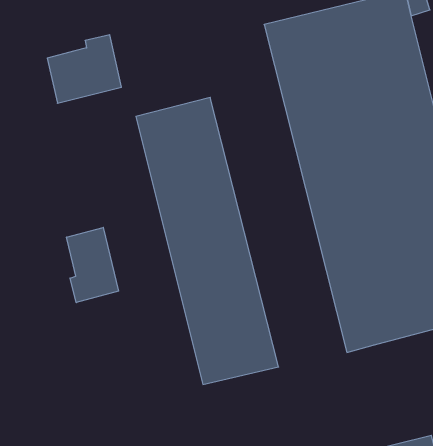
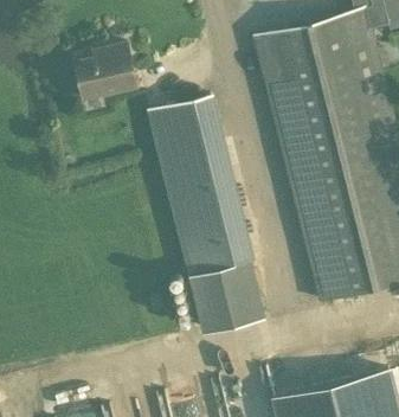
building: [67,227,119,303] -> none

